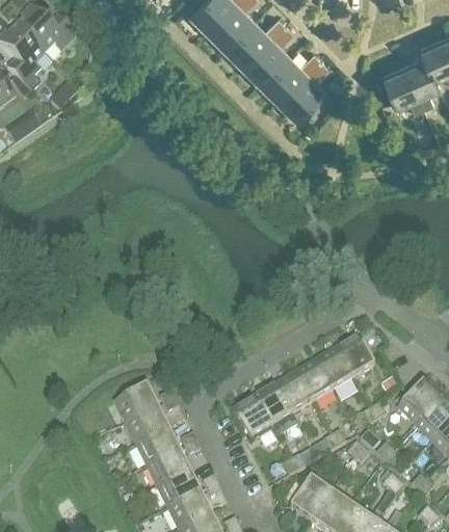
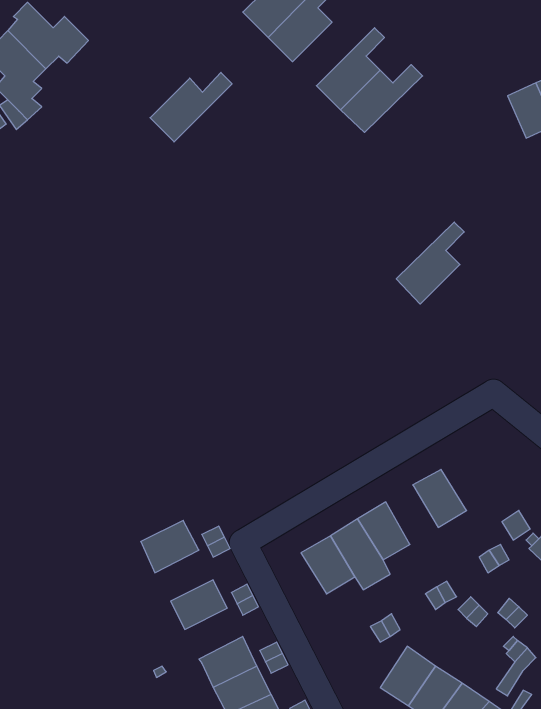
building: [226,16,286,66] -> [150,72,232,142]
building: [279,59,328,119] -> [396,222,464,304]
building: [335,336,374,378] -> none
building: [294,360,333,403] -> none
building: [125,407,167,445] -> none
building: [147,450,189,487] -> none

